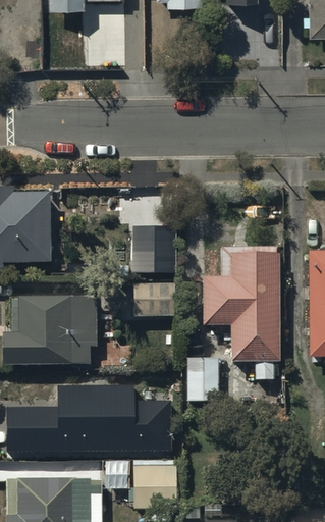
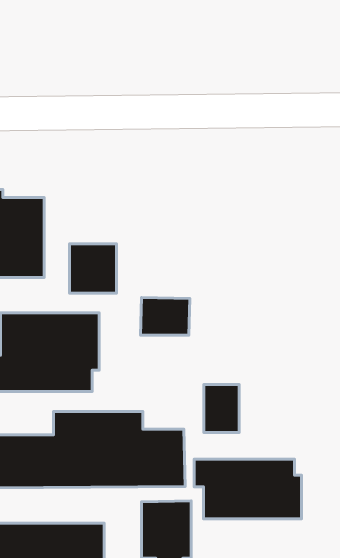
building: [134,229,175,272] -> [70,244,117,293]
building: [203,247,278,378] -> none
building: none -> [194,459,301,519]

